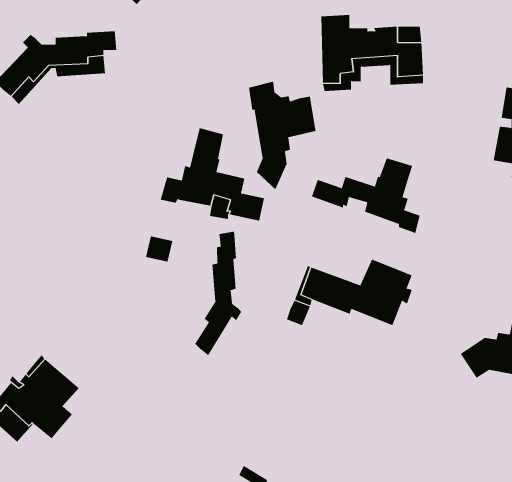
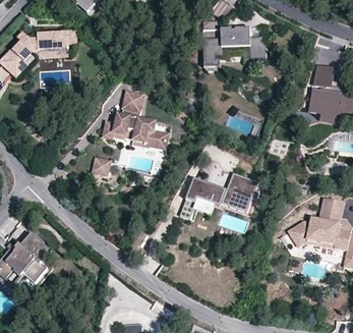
building: [249,81,316,190] -> none
building: [311,157,420,234] -> none
building: [195,231,242,356] -> none

